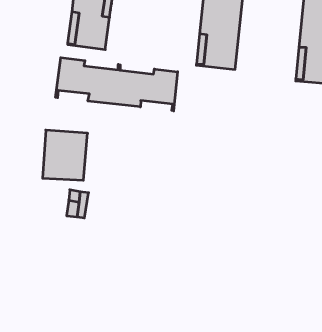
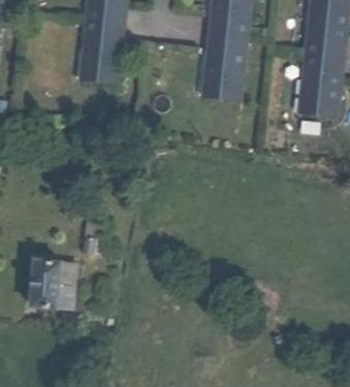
building: [56,58,178,111] -> none
building: [43,130,88,180] -> [26,253,70,302]

